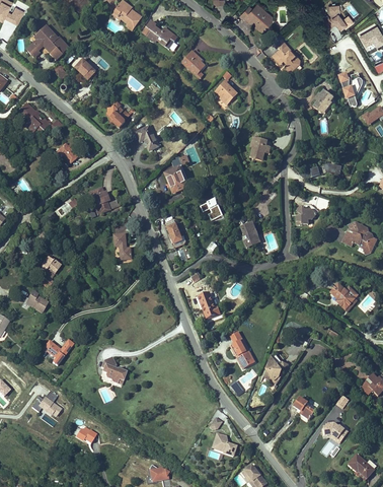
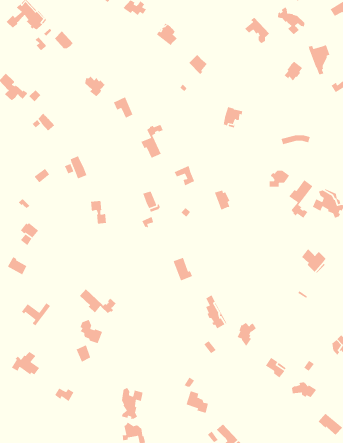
building: none -> [277,6,305,35]
building: none -> [288,179,314,219]
building: none -> [79,289,116,314]
building: none -> [121,387,143,420]

